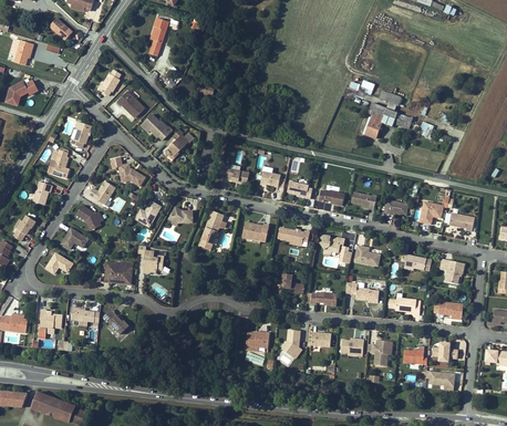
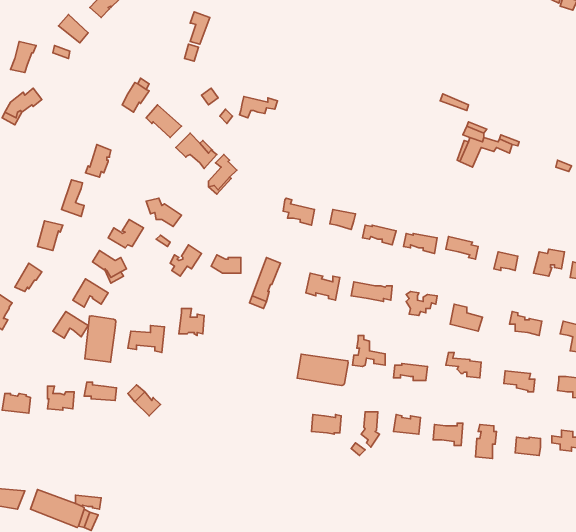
building: none -> [85,316,116,362]
building: none -> [297,354,348,386]

